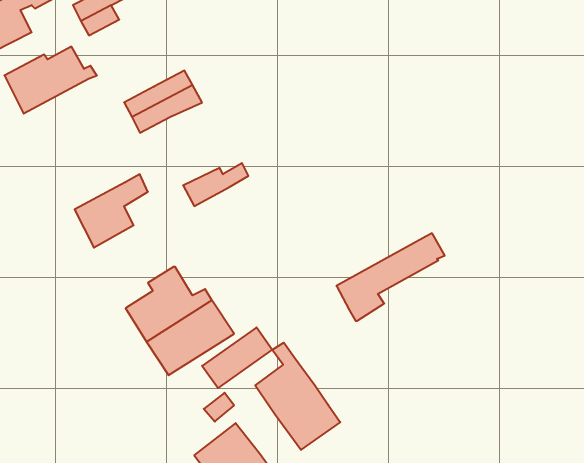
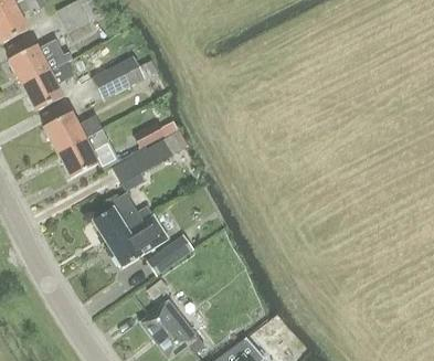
building: none -> [22,61,74,110]
building: none -> [44,112,103,151]
building: [336,233,445,321] -> [113,130,188,191]
building: [255,343,340,450] -> none

